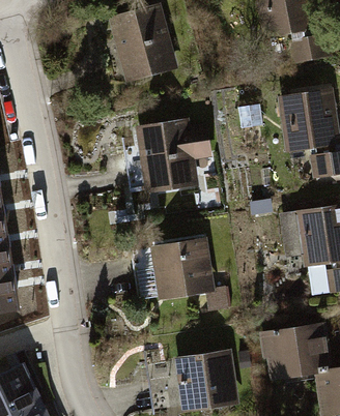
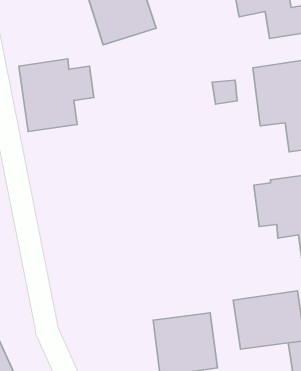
building: [138,112,212,184] -> [19,59,94,132]
building: [152,232,229,309] -> none

